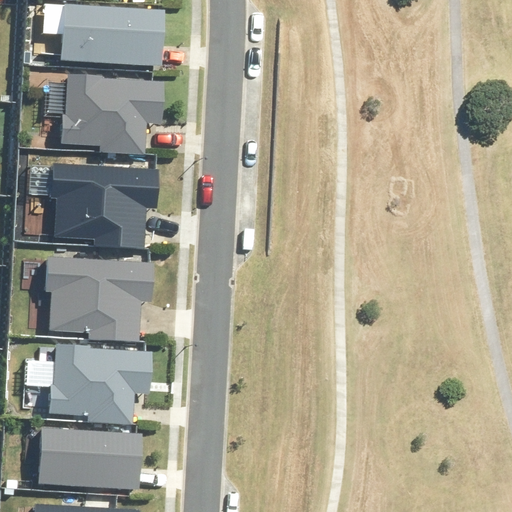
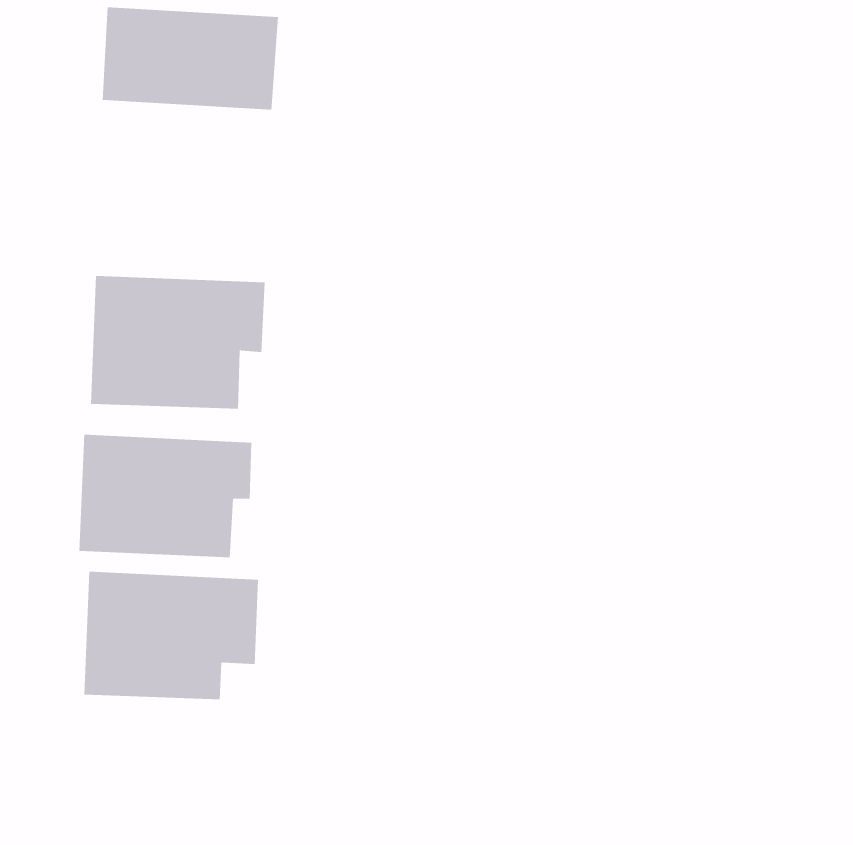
building: [57,74,163,150] -> none
building: [36,429,142,489] -> none

